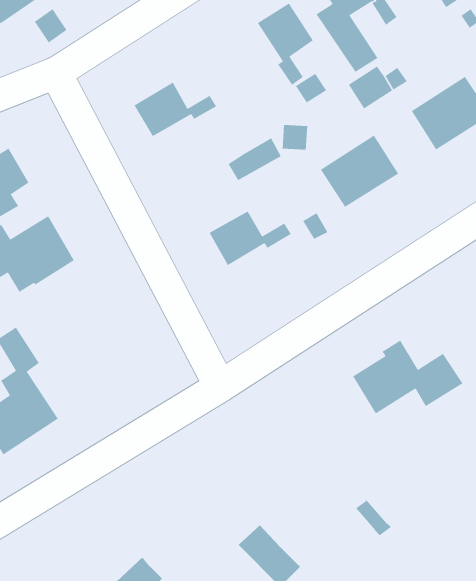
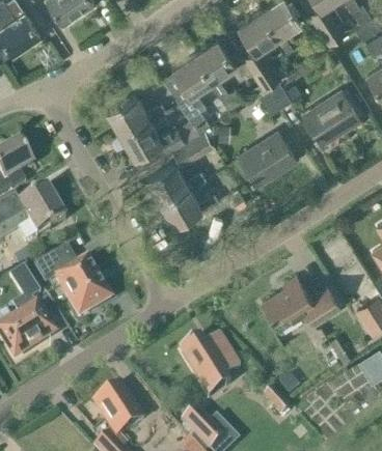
building: none -> [163,51,212,130]
building: none -> [120,116,184,156]
building: none -> [146,160,206,199]
building: none -> [35,246,111,315]
building: none -> [179,333,240,389]
building: none -> [94,384,143,434]

